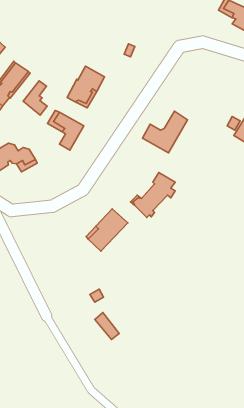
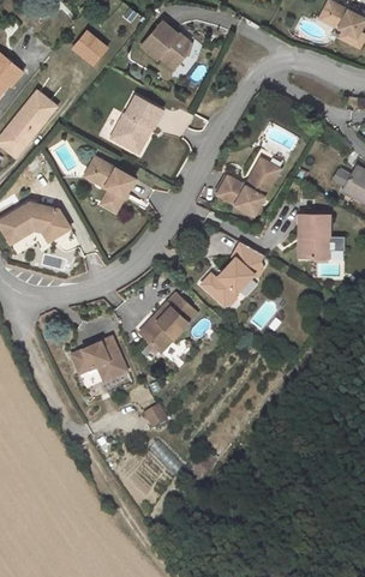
building: none -> [143,19,191,67]
building: none -> [72,28,110,65]
building: [23,81,47,115] -> none
building: none -> [298,214,329,258]
building: none -> [68,333,124,378]

